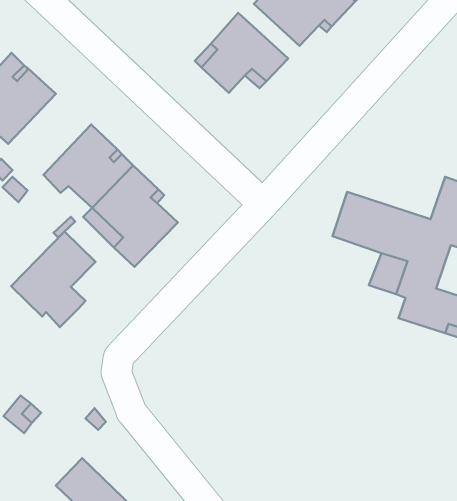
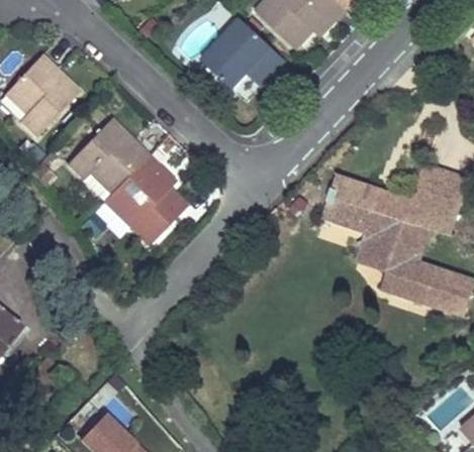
building: [11,231,96,327] -> none

